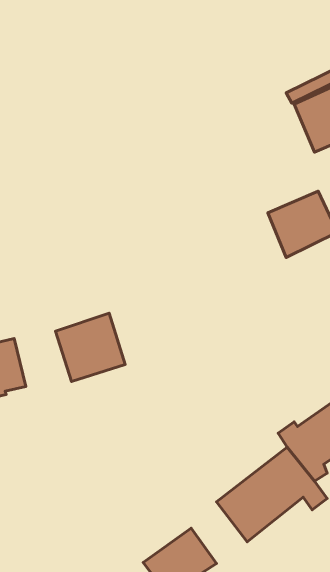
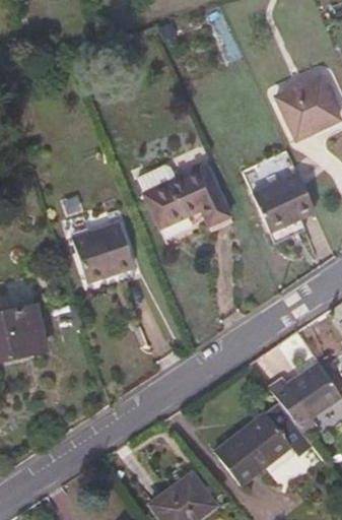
building: none -> [151,166,238,233]
building: [56,313,125,382] -> [78,222,140,283]

